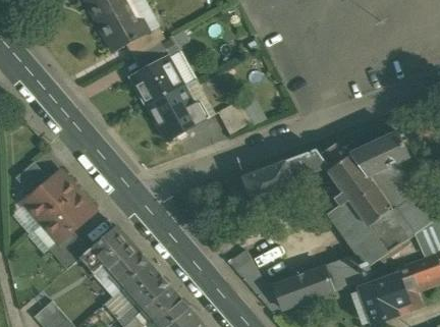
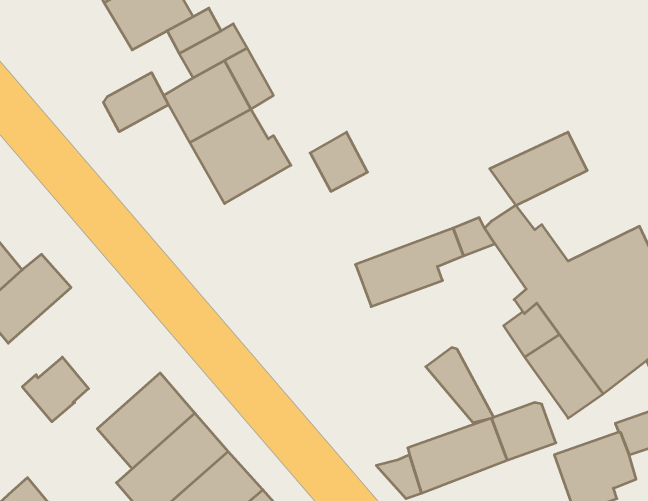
building: none -> [103,73,168,132]
building: [352,131,409,174] -> [490,132,587,205]
building: [41,189,95,242] -> none
building: [78,224,129,272] -> none
building: [228,250,268,293] -> [426,348,494,423]

